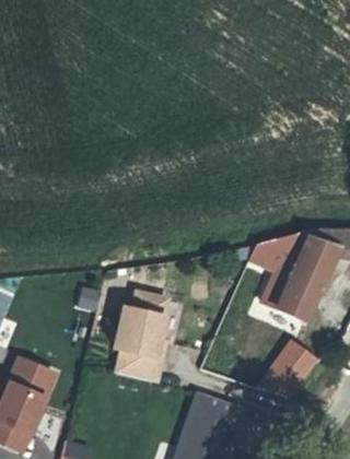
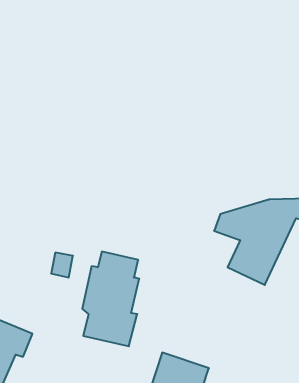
building: [269,338,317,386] -> none

